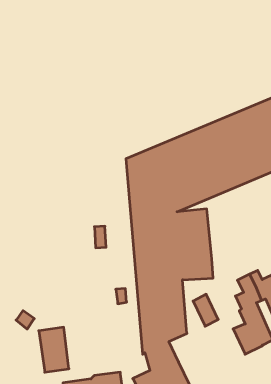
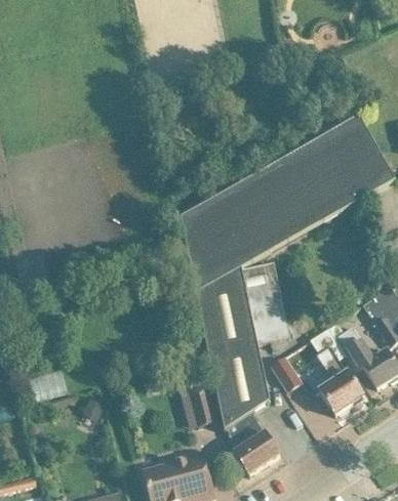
building: [39,327,69,372] -> [178,376,216,427]

